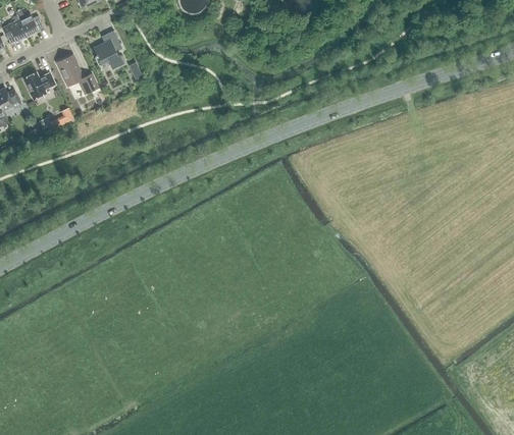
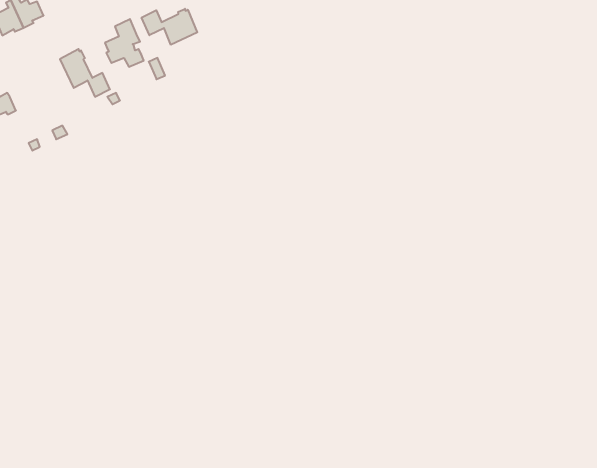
building: none -> [142,9,197,45]
building: [22,71,55,99] -> none

